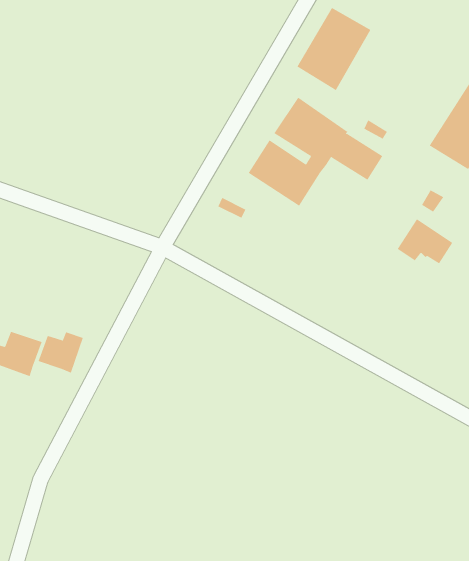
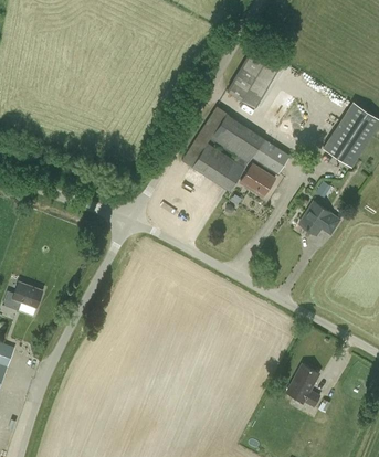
building: none -> [240,164,274,198]
building: [38,331,83,373] -> none
building: none -> [286,364,320,407]

